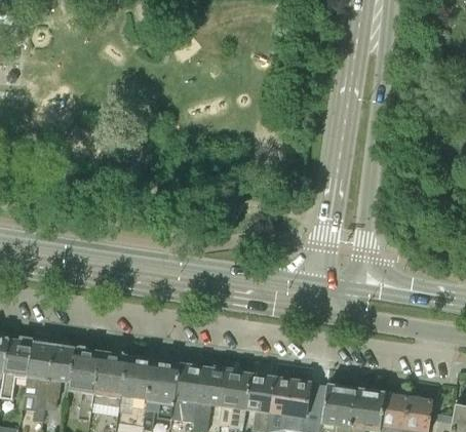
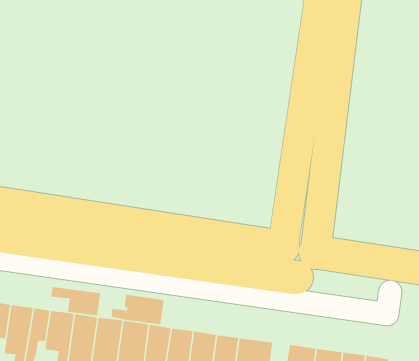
building: none -> [50,286,101,316]
building: none -> [111,294,164,325]

